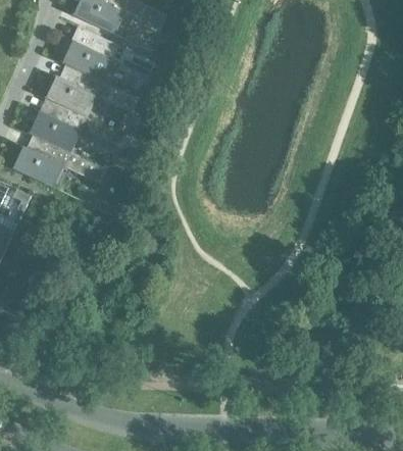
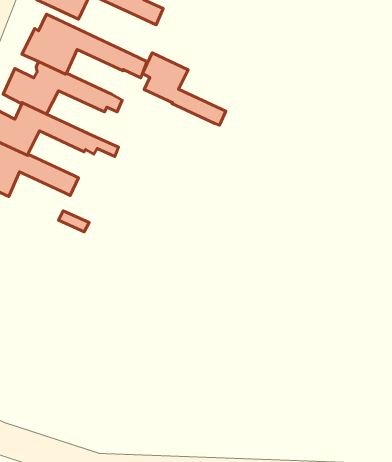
building: none -> [142,53,226,125]

